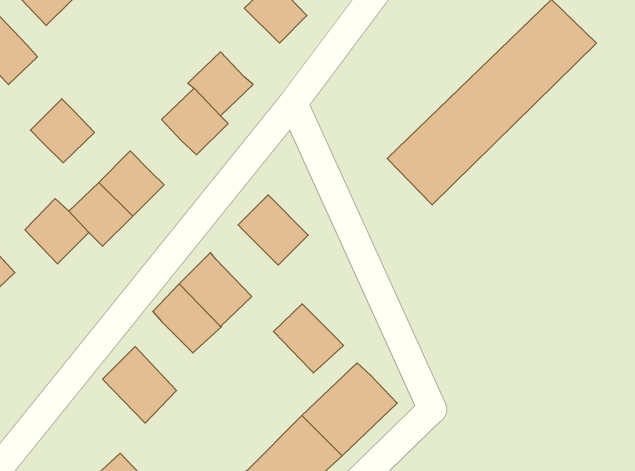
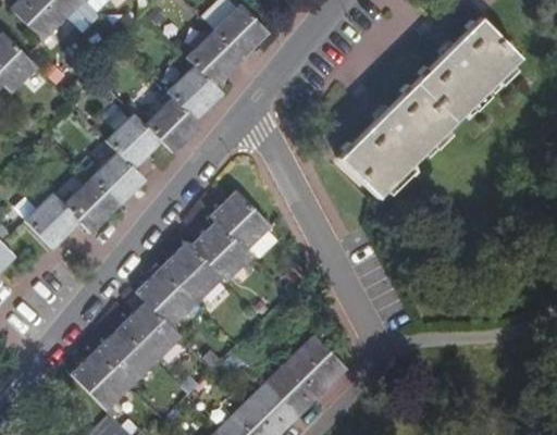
building: none -> [186,27,246,87]
building: [30,99,94,163] -> [106,113,161,169]
building: [273,304,344,373] -> [190,221,251,281]
building: none -> [121,299,181,359]
building: none -> [69,349,129,411]

